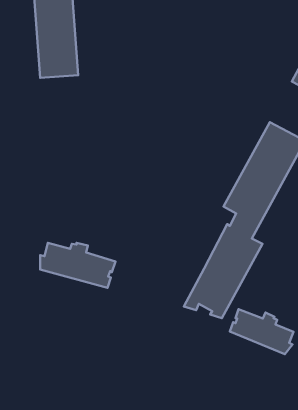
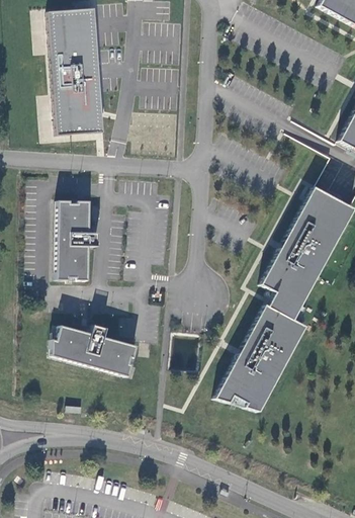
building: none -> [57,199,99,279]
building: [230,309,294,354] -> none

